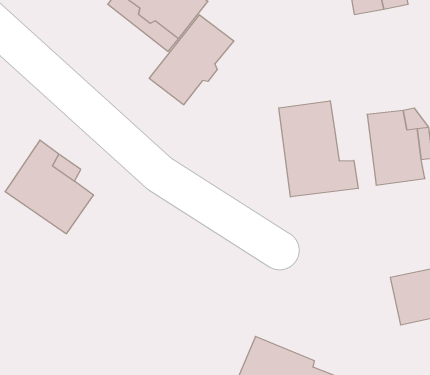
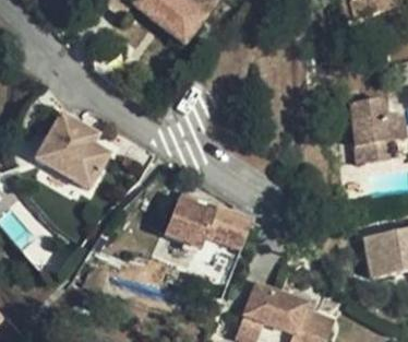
building: [149,15,234,105] -> none
building: [279,101,358,197] -> none
building: none -> [165,202,254,252]

